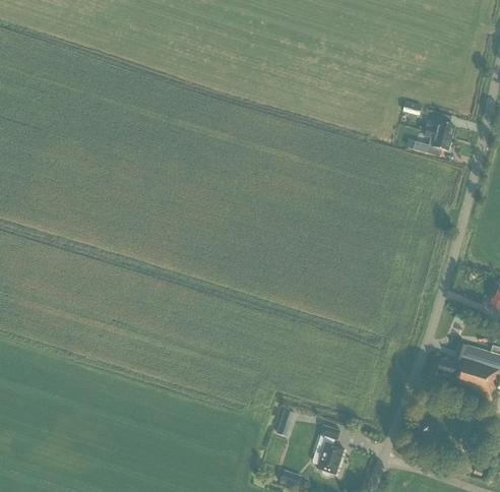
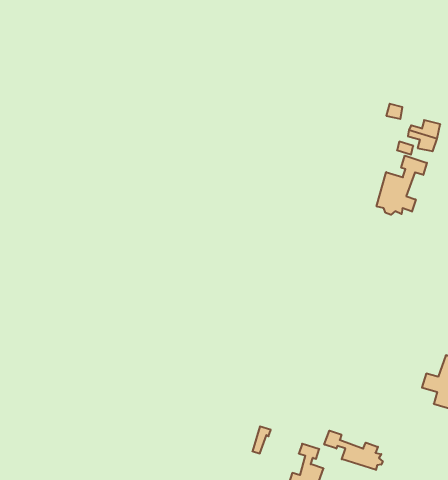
building: none -> [377,156,427,215]
building: none -> [324,431,383,470]

